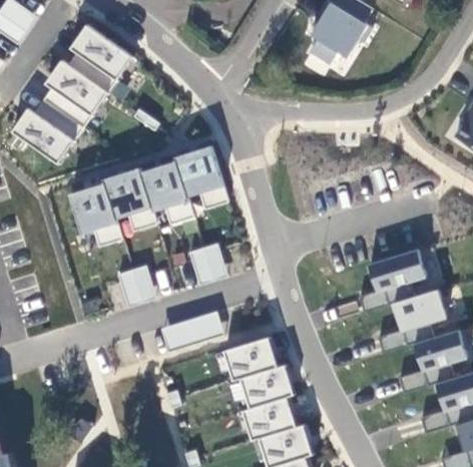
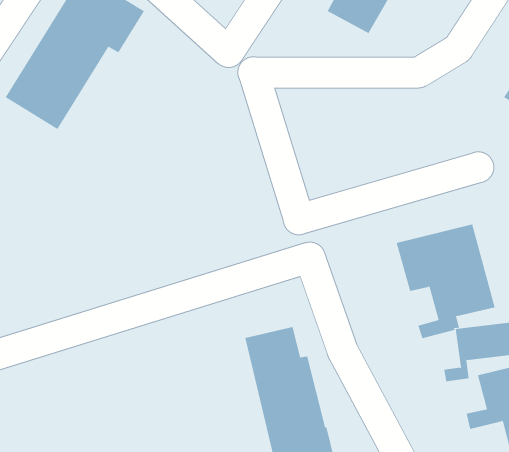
building: [66,149,228,247] -> none
building: [188,243,227,285] -> none
building: [118,265,156,306] -> none
building: [160,311,223,350] -> none

